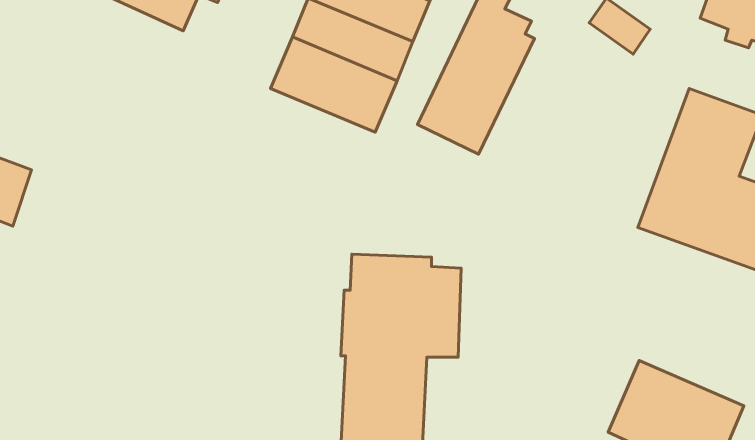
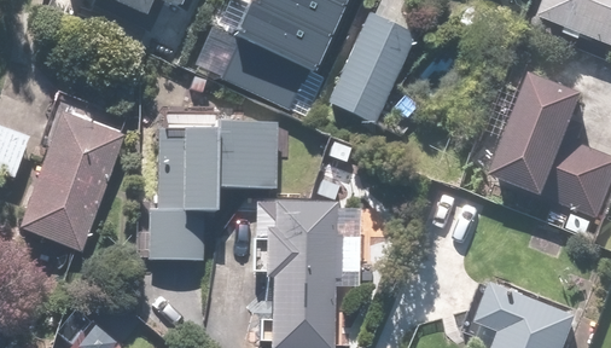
building: none -> [19,98,127,248]
building: none -> [145,118,280,263]

